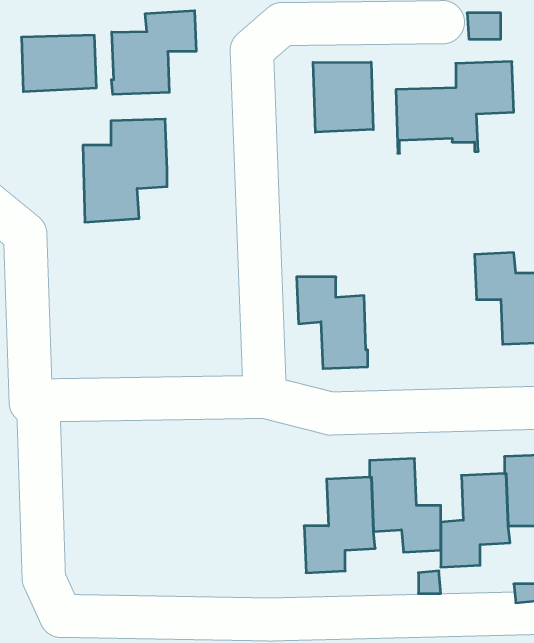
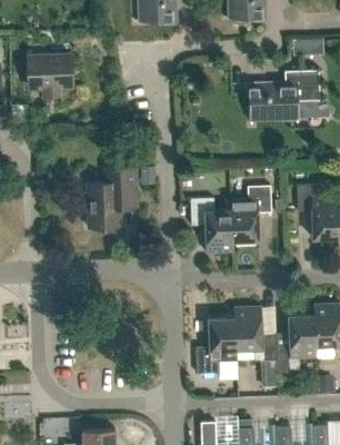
building: [111,11,196,94] -> none
building: [313,62,373,132] -> none
building: [83,119,167,222] -> [88,166,138,227]
building: none -> [231,185,272,240]

